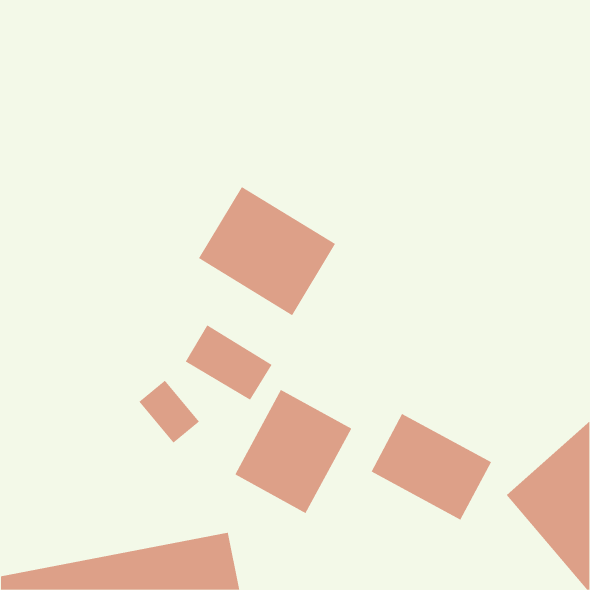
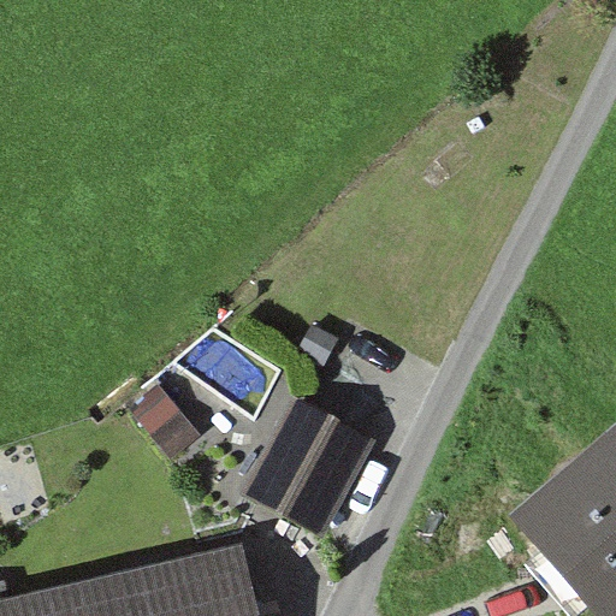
building: [198,186,336,316] -> none
building: [371,413,492,521] -> none

